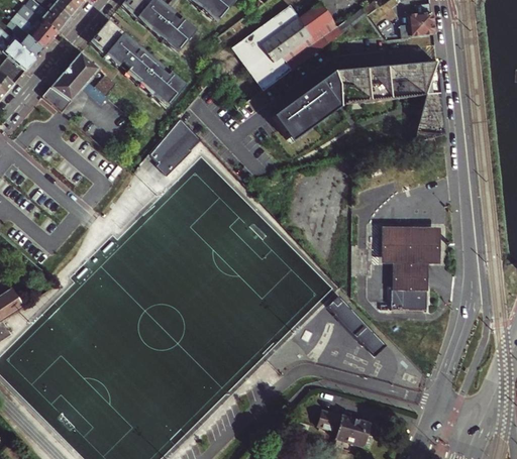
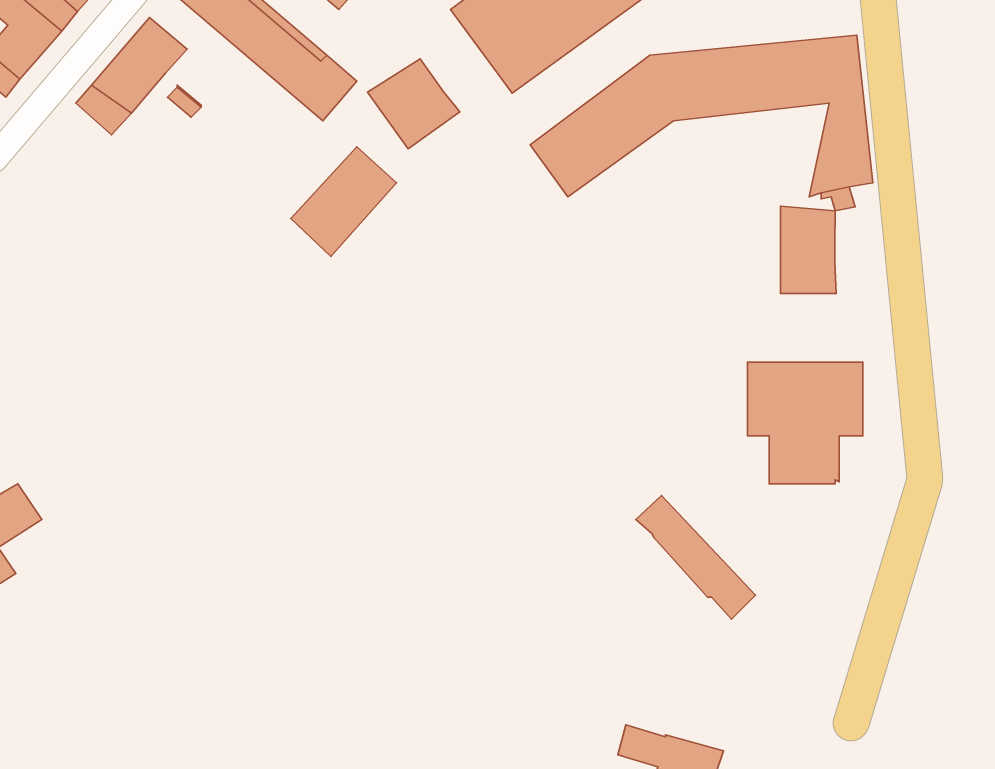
building: none -> [368,59,460,149]
building: none -> [780,206,836,294]
building: [391,285,429,311] -> none

